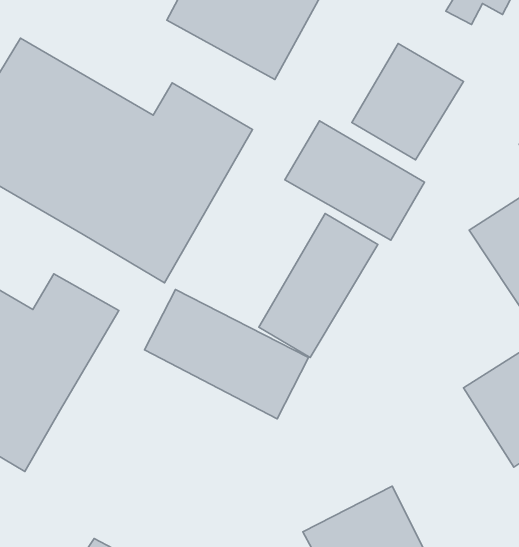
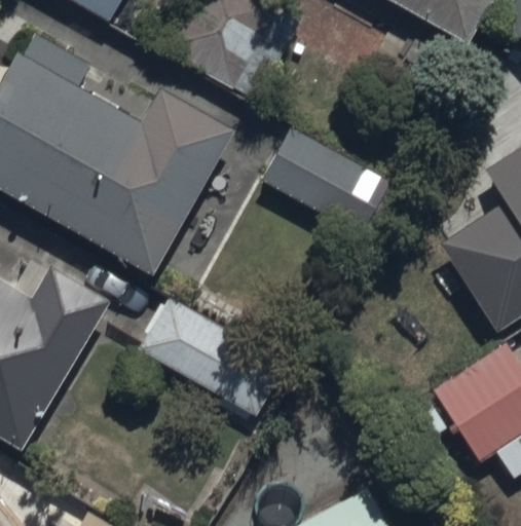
building: [352,43,463,160] -> none
building: [259,214,378,358] -> none

